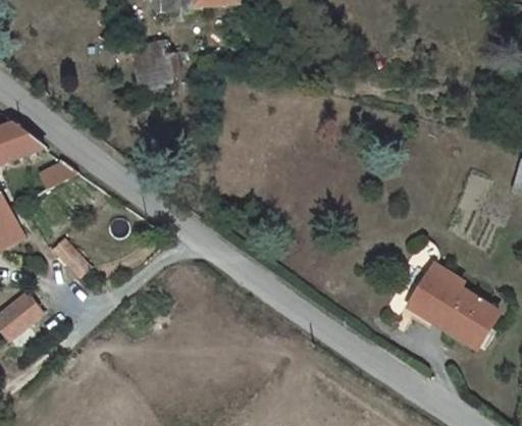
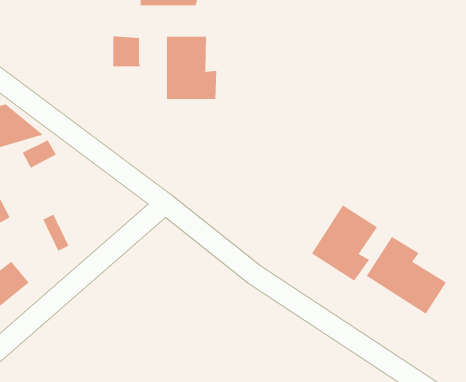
building: none -> [166,36,217,100]
building: none -> [311,205,378,282]

